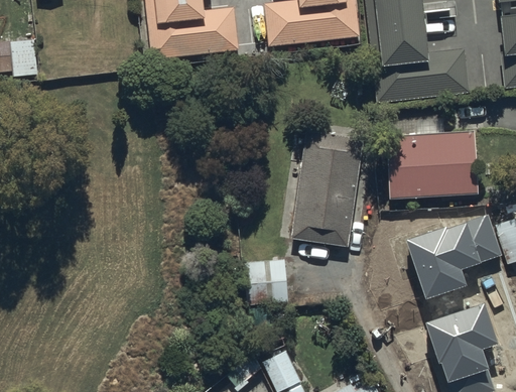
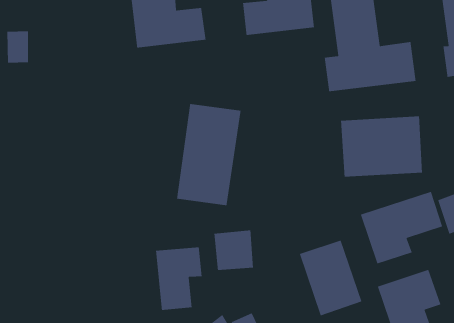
building: [290,131,364,247] -> [176,103,242,206]
building: none -> [299,239,362,317]
building: none -> [155,247,202,311]

